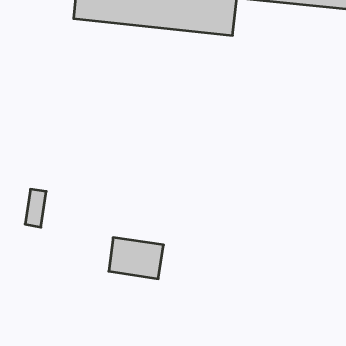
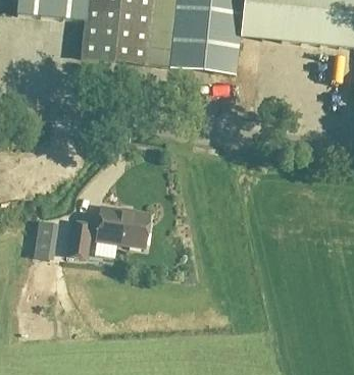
building: none -> [67,220,89,255]
building: [109,238,164,279] -> [95,205,148,245]

